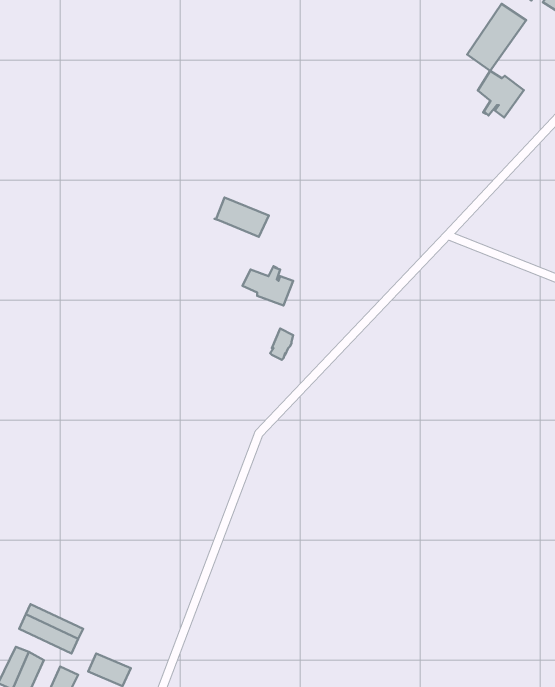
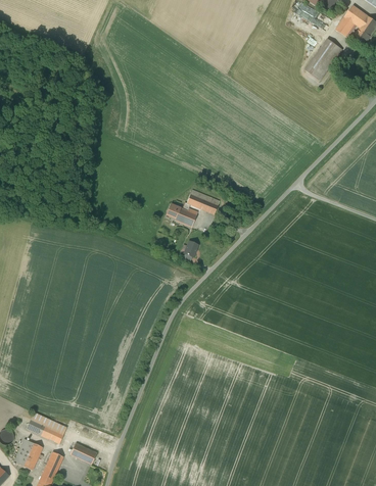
building: [478,71,524,118] -> none
building: [215,198,269,237] -> [186,190,220,214]

